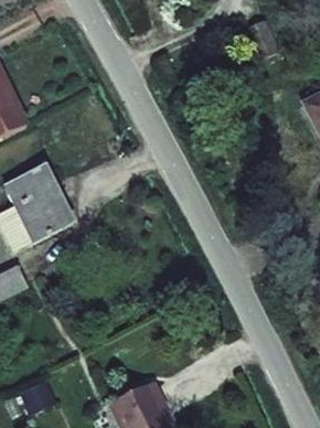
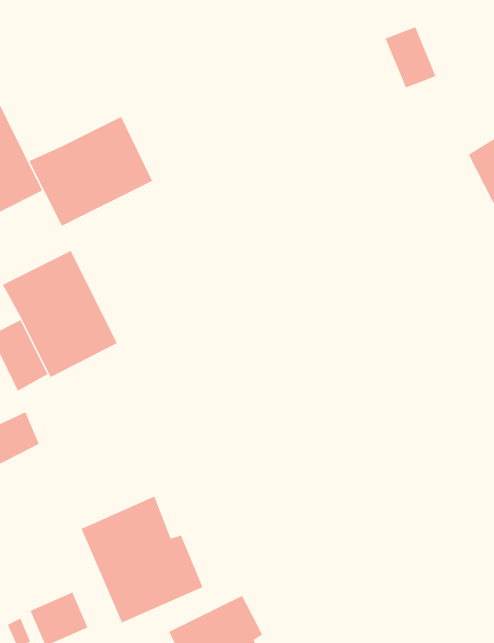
building: none -> [28,116,153,227]
building: none -> [81,496,203,624]

